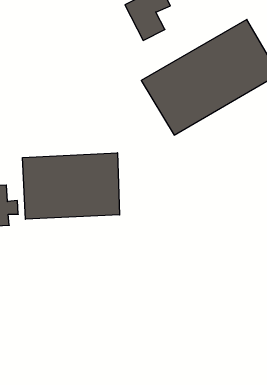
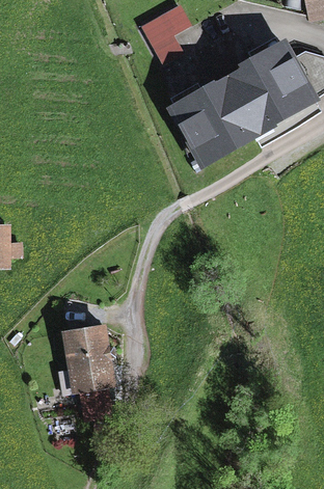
building: [23,153,120,219] -> none
building: none -> [60,326,118,422]

